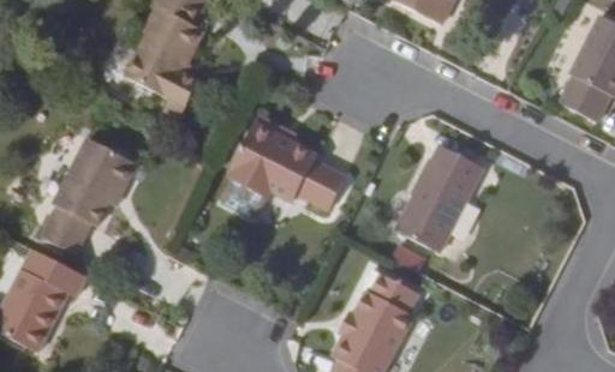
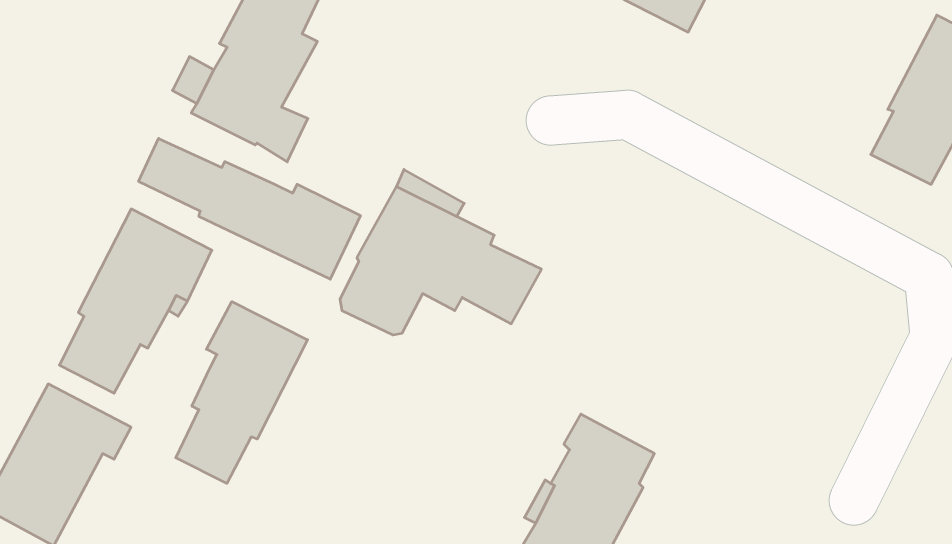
building: none -> [139,138,360,279]
building: [396,144,484,252] -> none
building: none -> [176,302,308,483]

